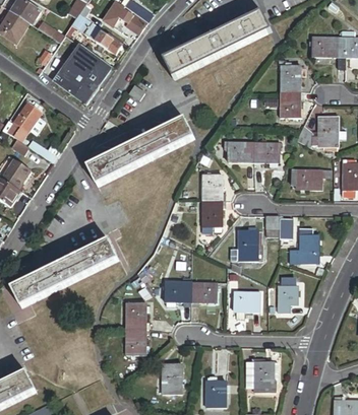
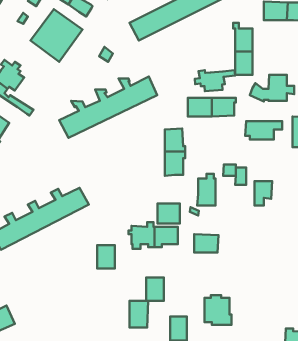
building: none -> [195,70,235,91]
building: none -> [158,204,180,223]
building: [278,278,297,312] -> none
building: [127,329,146,354] -> [146,278,164,301]

